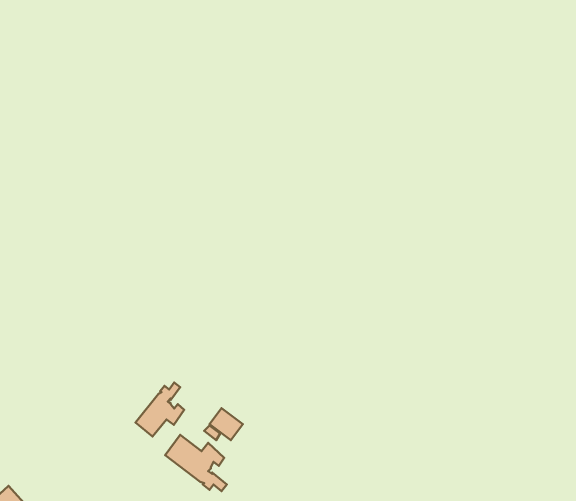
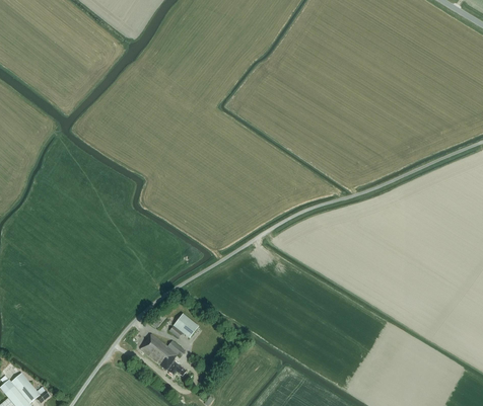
building: [136,382,184,436] -> none

